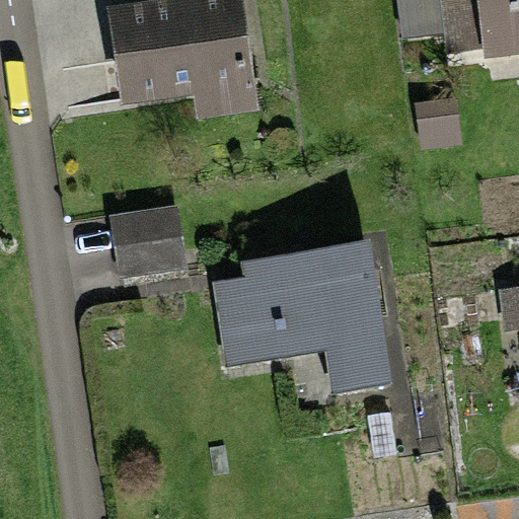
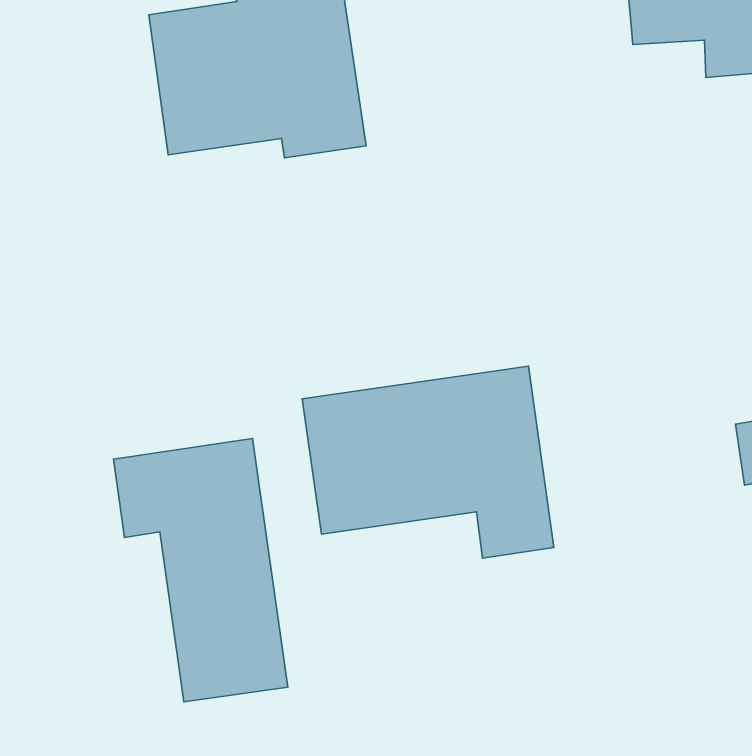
building: [116,208,188,279] -> none
building: none -> [114,439,288,702]

